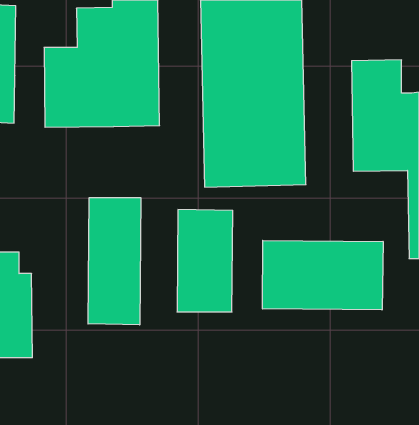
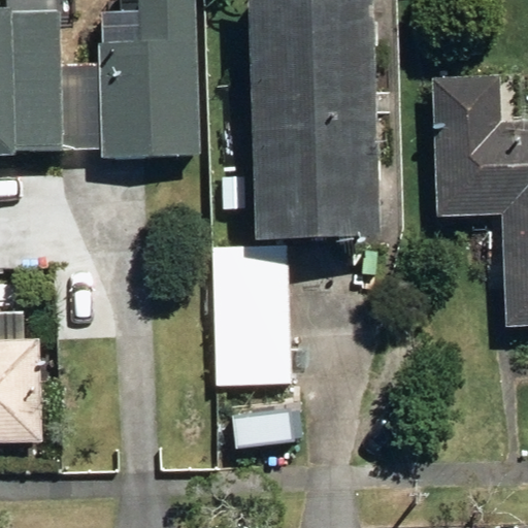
building: [88,198,141,325] -> none
building: [263,240,383,310] -> none

